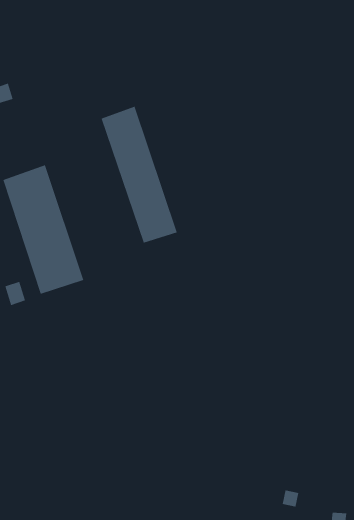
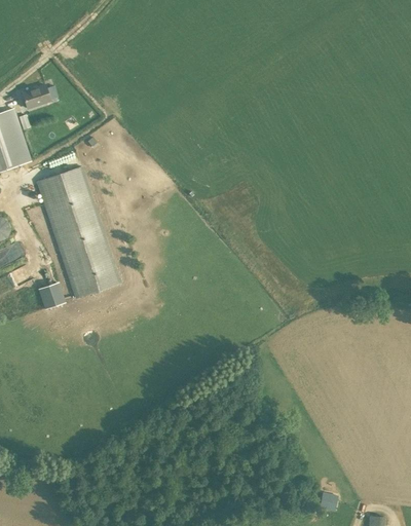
building: [101,106,178,243] -> none

